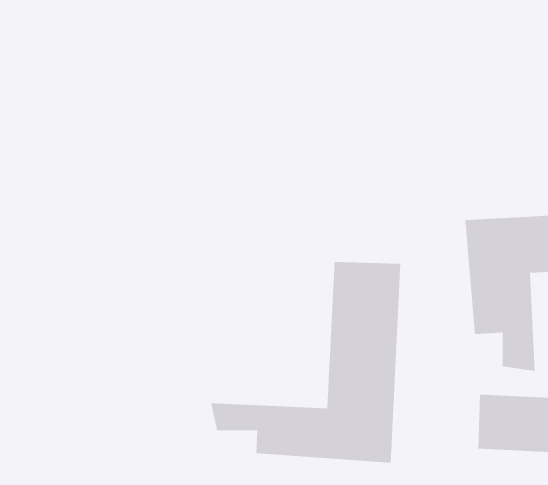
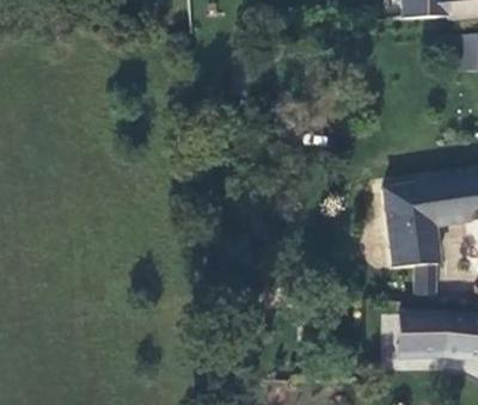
building: [210,261,401,463] -> none

